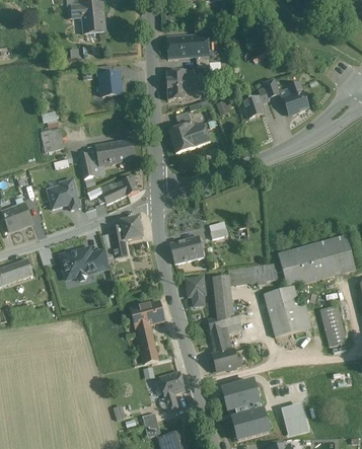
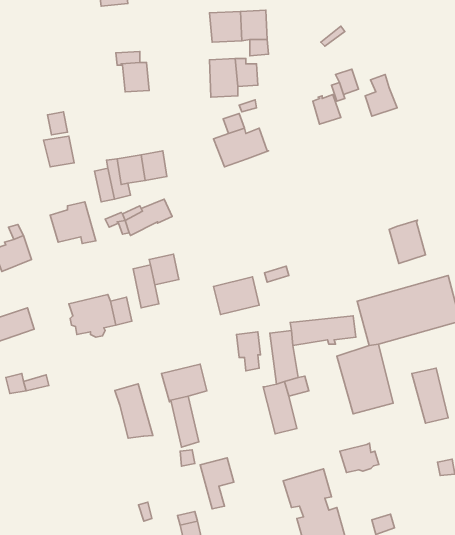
building: none -> [389,220,425,264]
building: none -> [115,384,153,438]
building: [212,348,241,370] -> [340,443,379,473]

